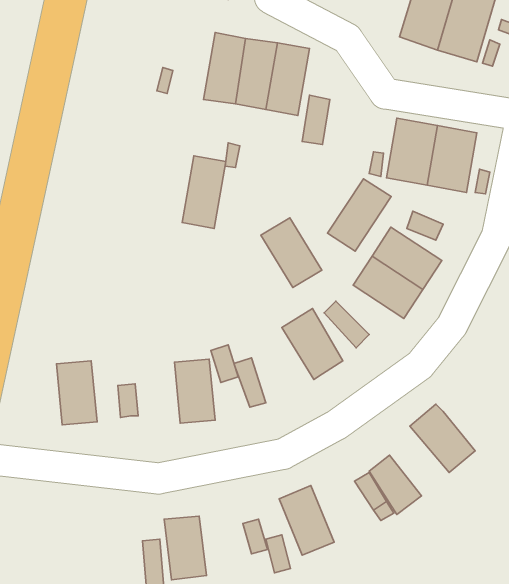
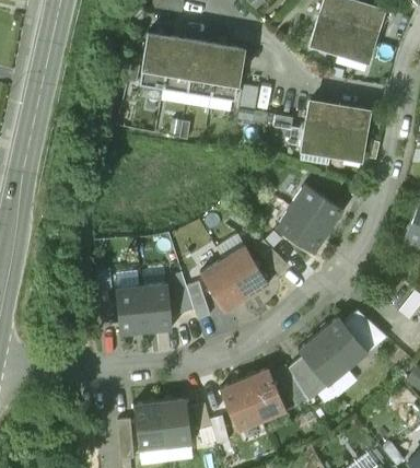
building: [182,156,226,228] -> [139,34,172,89]
building: [328,179,391,251] -> none
building: [261,218,322,288] -> [200,260,246,313]
building: [56,361,97,425] -> [115,286,145,335]
building: none -> [343,312,386,353]
building: none -> [298,335,348,387]
building: none -> [244,370,285,422]
building: none -> [160,399,191,447]

